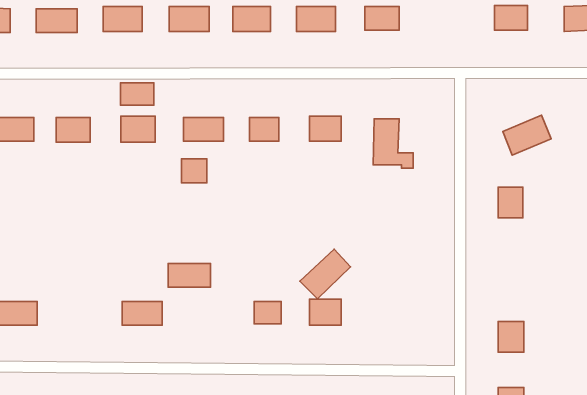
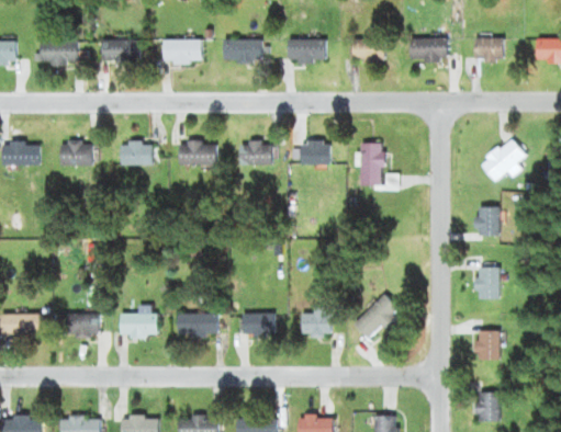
building: none -> [407,38,445,61]
building: [120,83,154,105] -> none
building: [182,159,207,183] -> none
building: [300,249,351,299] -> [351,295,399,341]
building: none -> [475,269,497,299]
building: [168,263,211,287] -> [182,314,222,336]
building: none -> [65,314,102,336]

